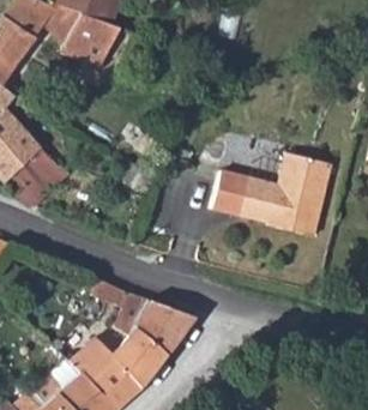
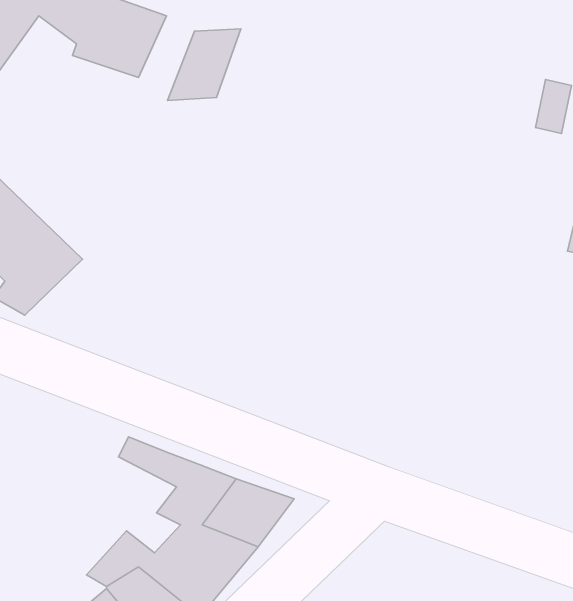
building: none -> [168,29,241,100]
building: [210,159,326,241] -> none

